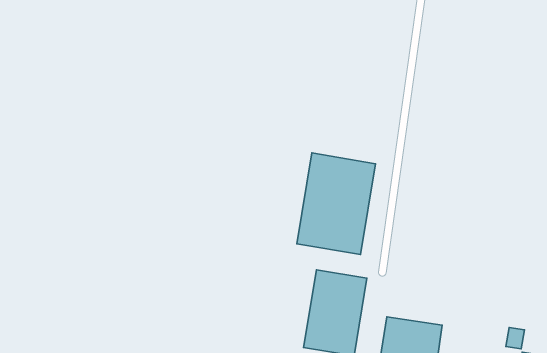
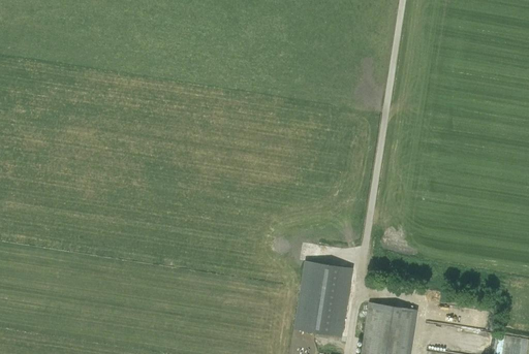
building: [297,153,376,255] -> none

